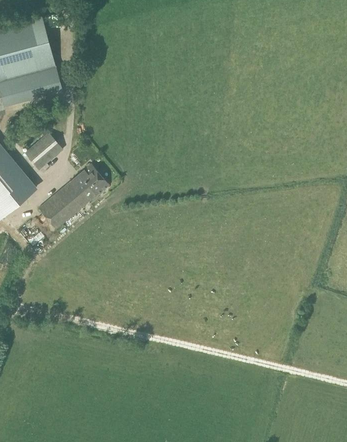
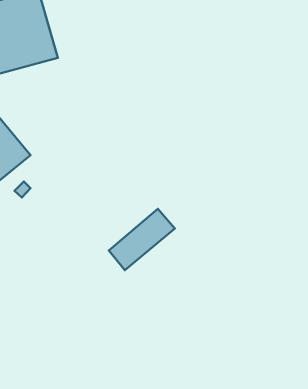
building: [25,132,63,170] -> none
building: [39,164,109,229] -> [109,209,175,270]

